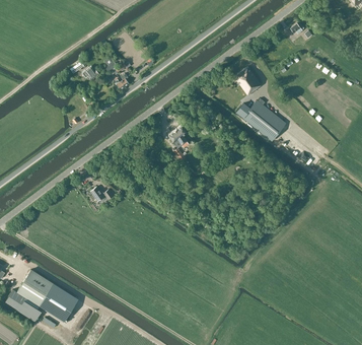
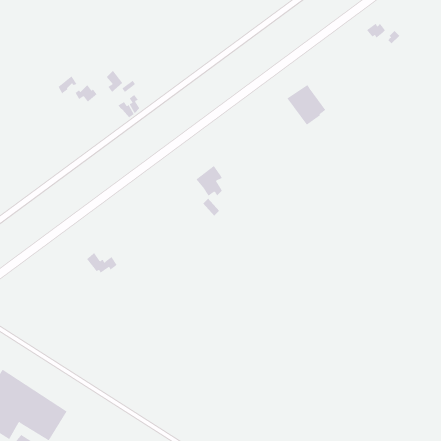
building: [235,100,284,140] -> none

